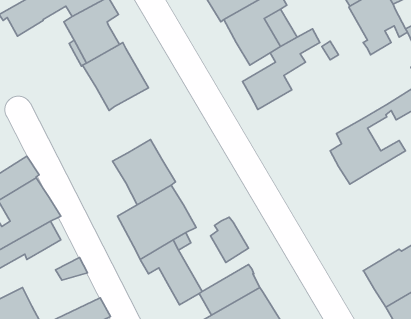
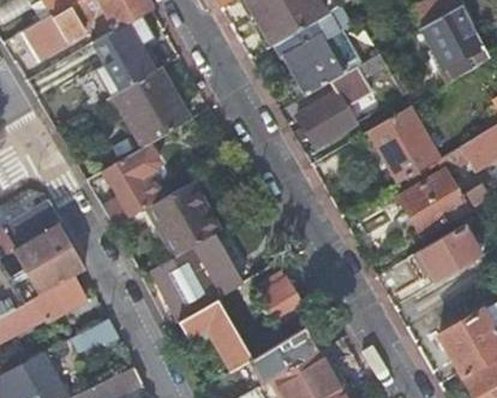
building: none -> [367,105,439,180]
building: none -> [101,143,164,227]
building: none -> [407,224,481,283]

